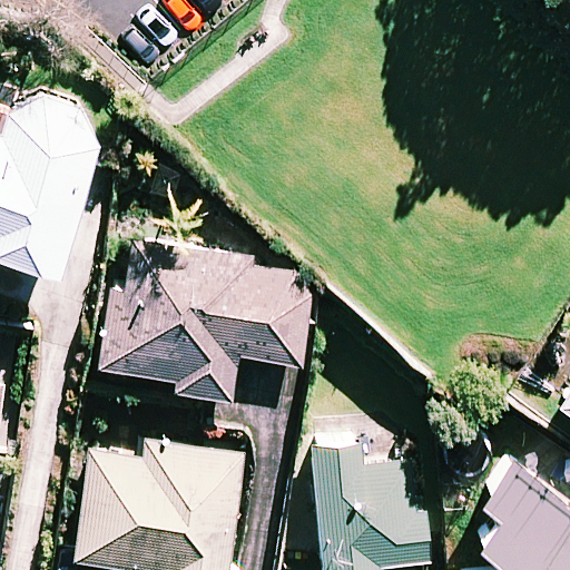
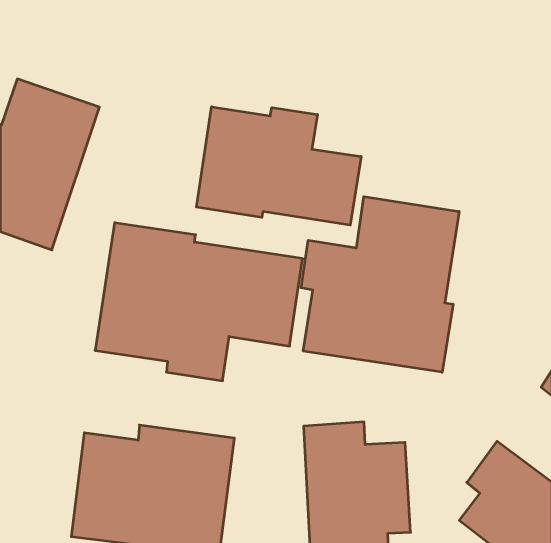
building: none -> [196,107,361,225]
building: none -> [301,197,459,372]

